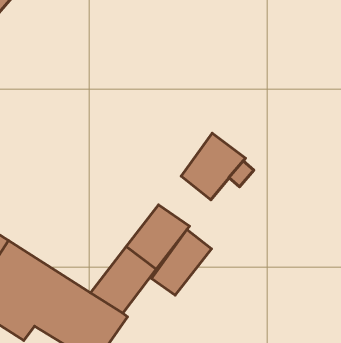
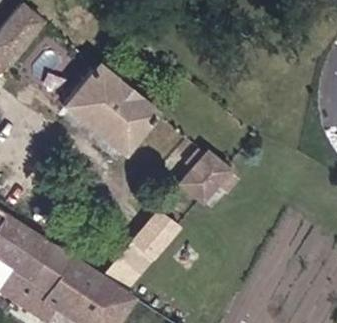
building: none -> [59,62,155,153]
building: [152,230,212,295] -> none

